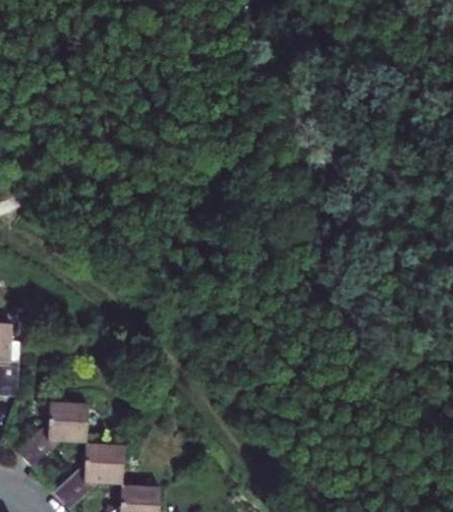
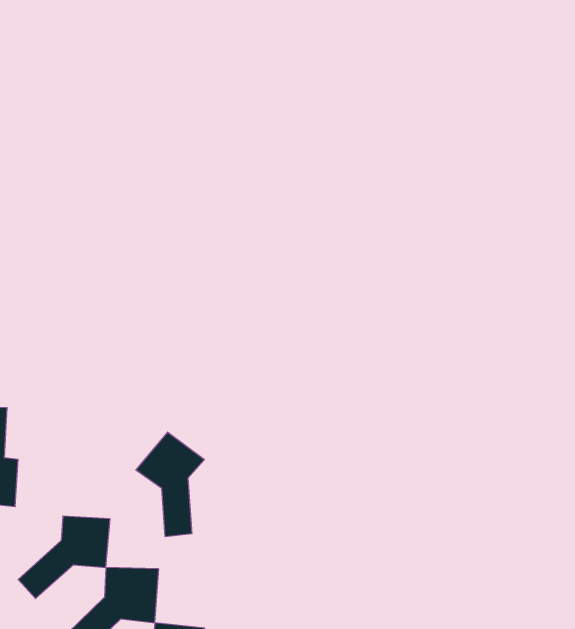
building: none -> [136,432,204,537]

